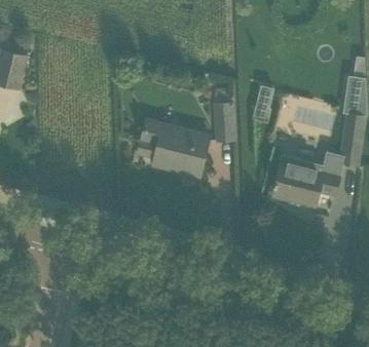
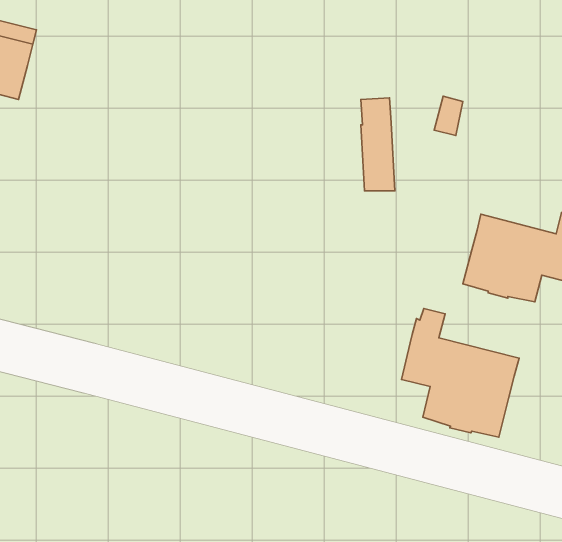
building: [138,122,210,177] -> none
building: none -> [401,309,519,437]

